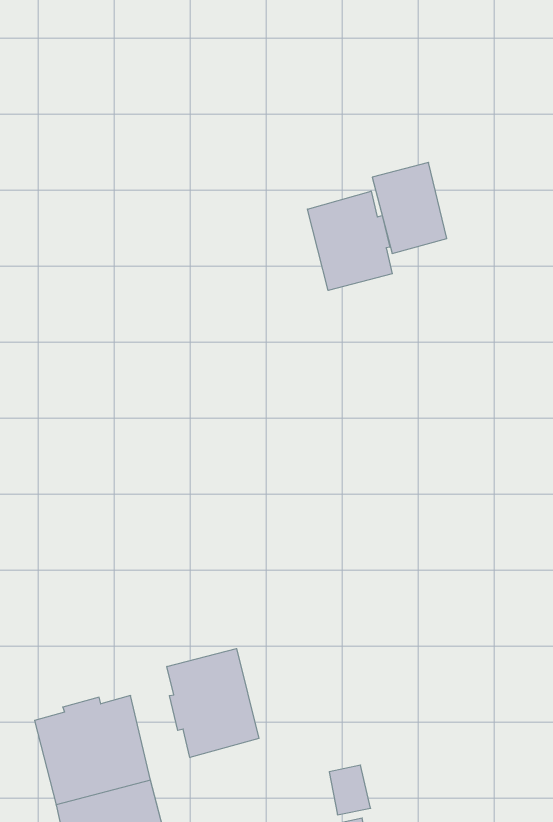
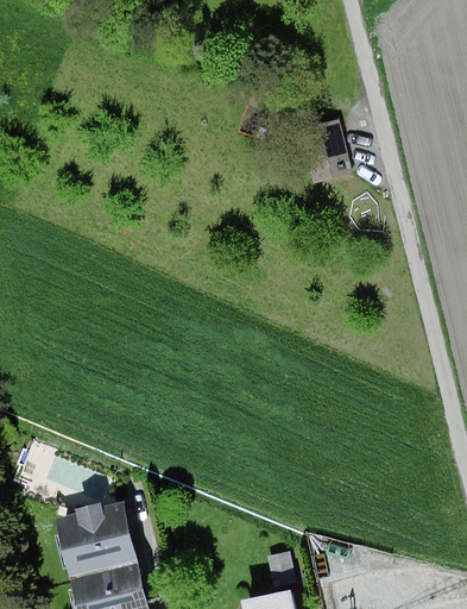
building: [307,191,392,290] -> none
building: [167,649,259,758] -> none

